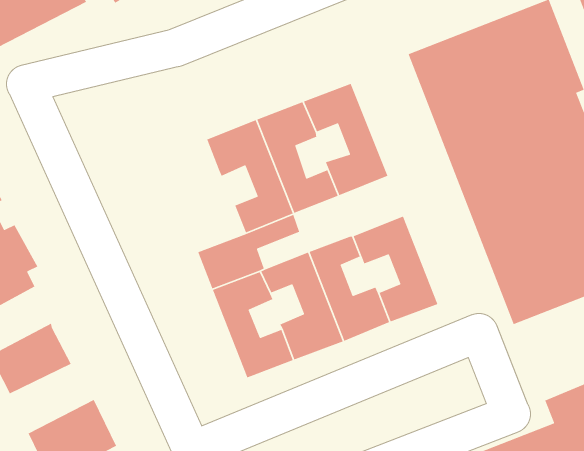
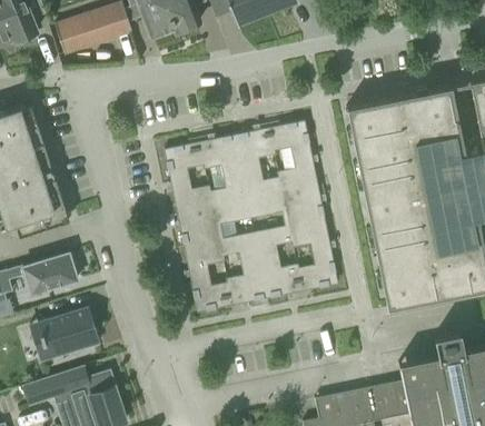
building: none -> [164,142,212,219]
building: none -> [248,190,324,227]

